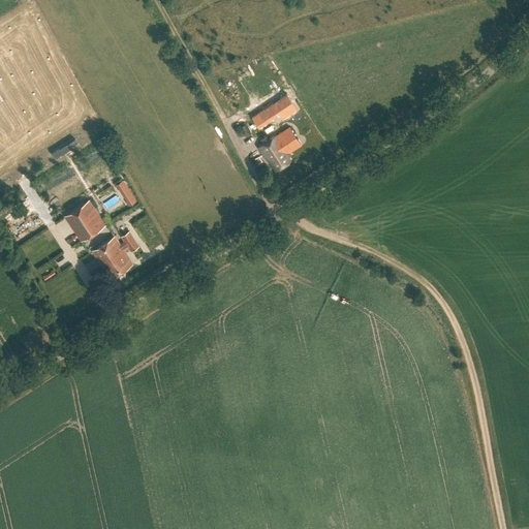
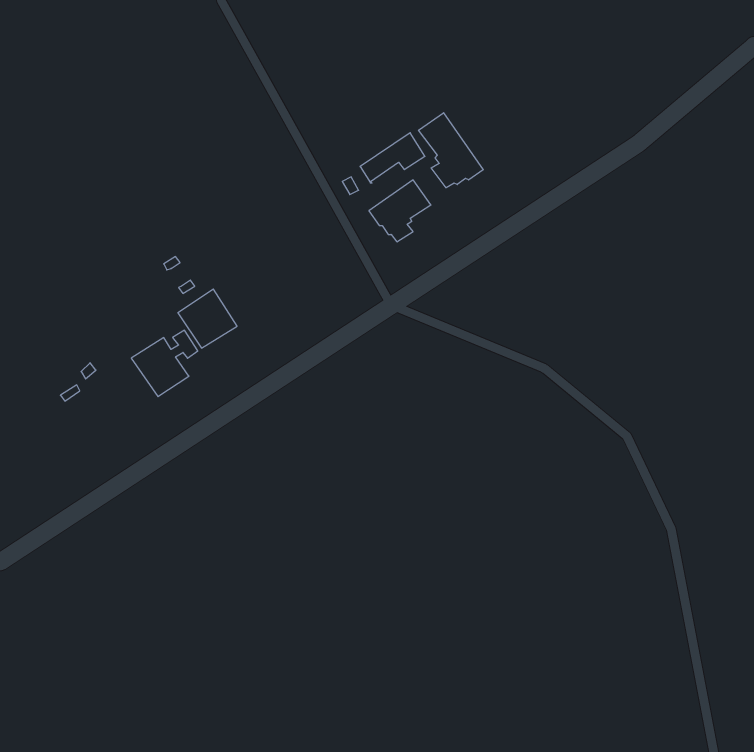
building: none -> [419,113,483,188]
building: [64,200,105,242] -> [178,289,237,348]

